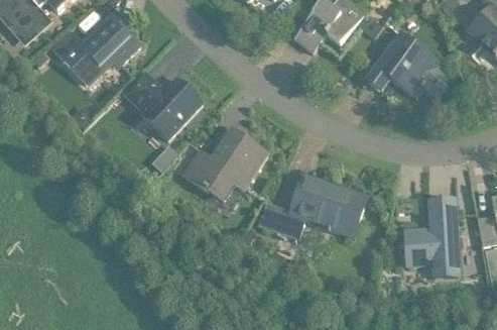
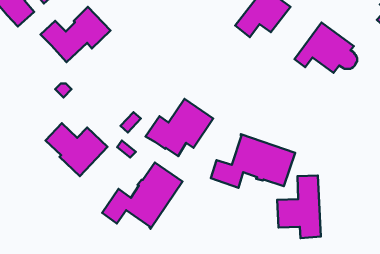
building: [125,73,202,138] -> [46,123,107,176]
building: [404,200,459,278] -> [277,175,321,238]
building: none -> [102,163,183,229]

